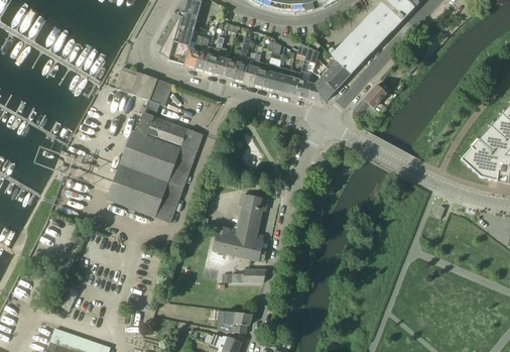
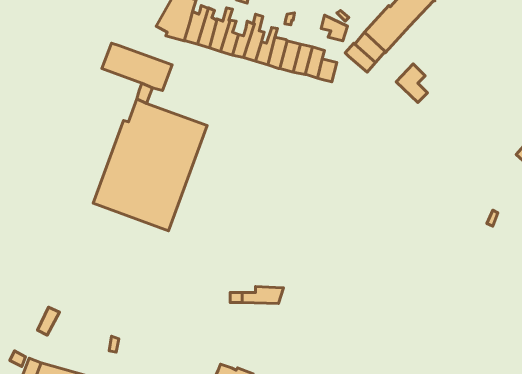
building: [306,77,336,102] -> none
building: [213,194,267,260] -> none
building: [218,310,252,333] -> none

